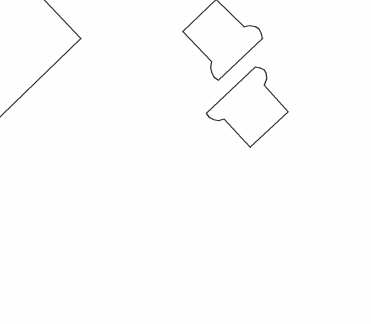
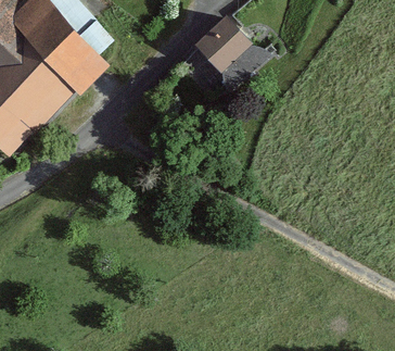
building: [207,67,288,147] -> none

